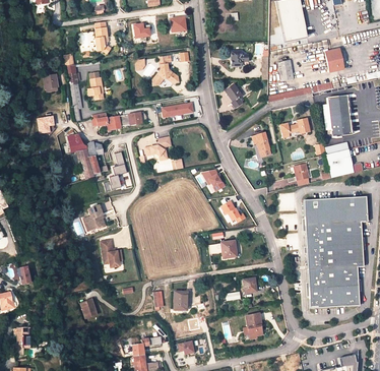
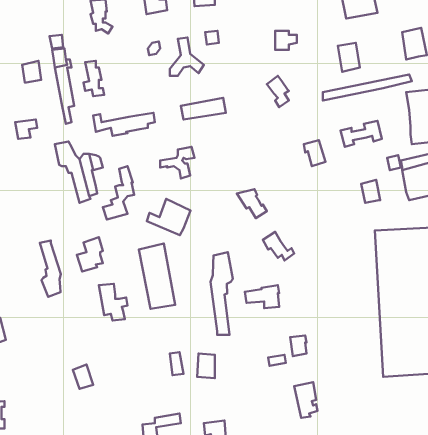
building: none -> [147,199,190,235]
building: none -> [40,240,61,297]
building: none -> [139,244,175,309]
building: none -> [211,252,233,335]

